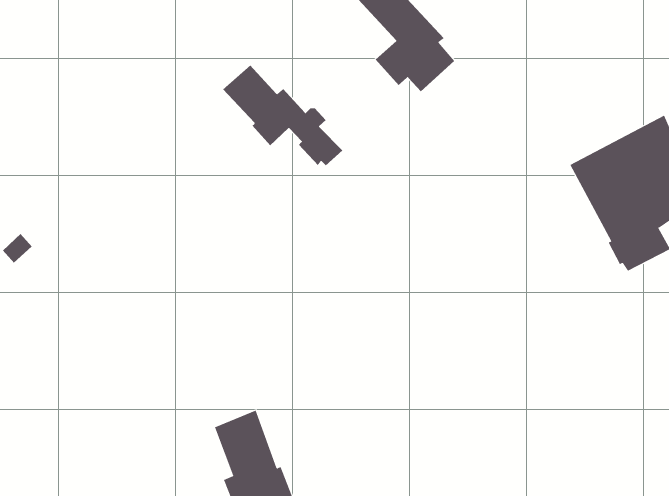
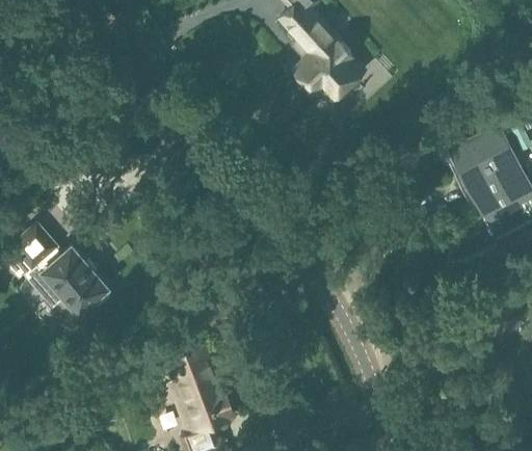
building: [222,64,343,166] -> none
building: none -> [10,227,108,313]

